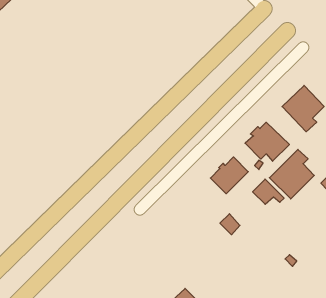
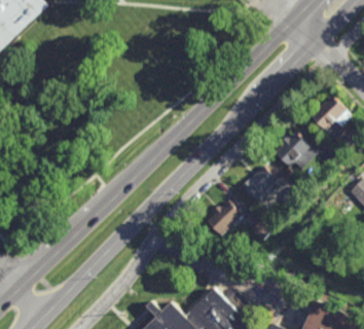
building: [269,149,314,199] -> none
building: none -> [205,198,241,234]

